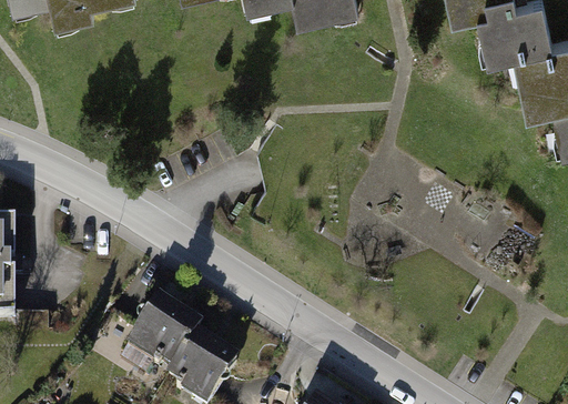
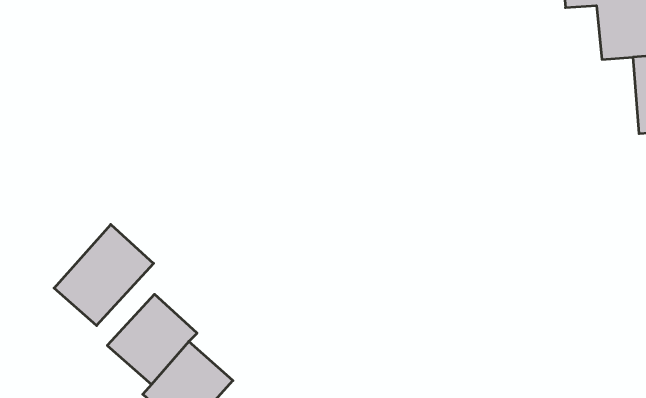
building: none -> [54,224,154,326]

